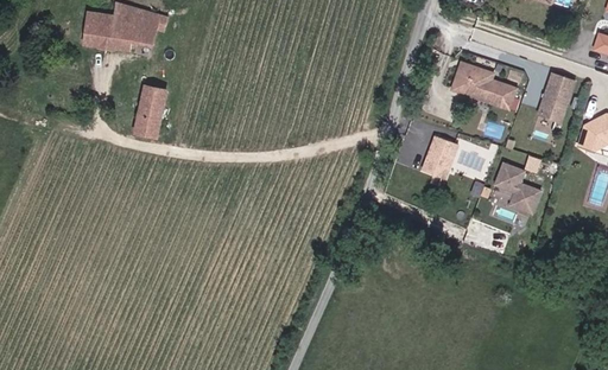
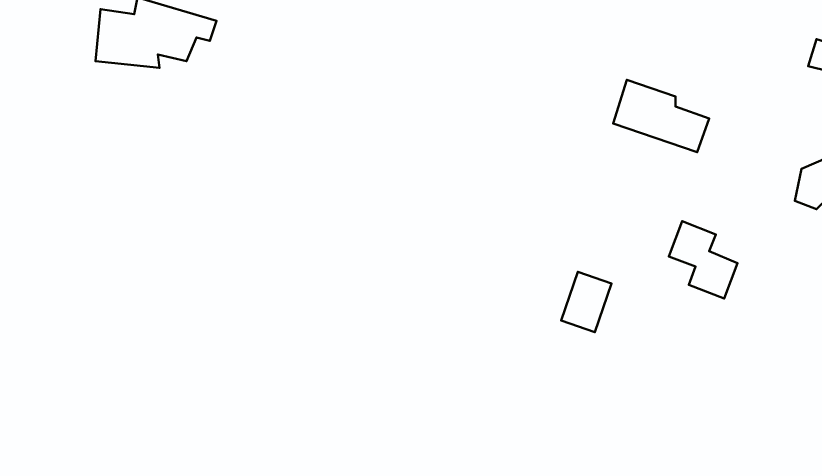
building: [538,71,577,125] -> none
building: [132,84,169,140] -> none
building: [420,135,456,178] -> [561,272,611,332]

